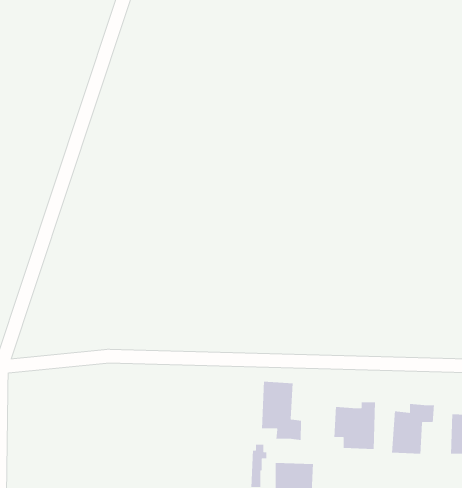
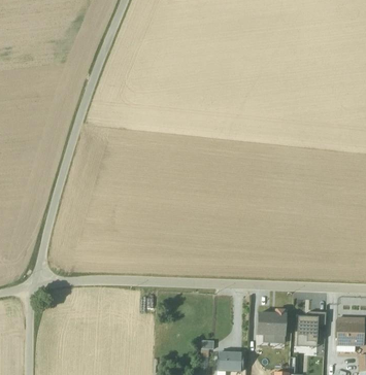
building: [261,381,302,441] -> none

